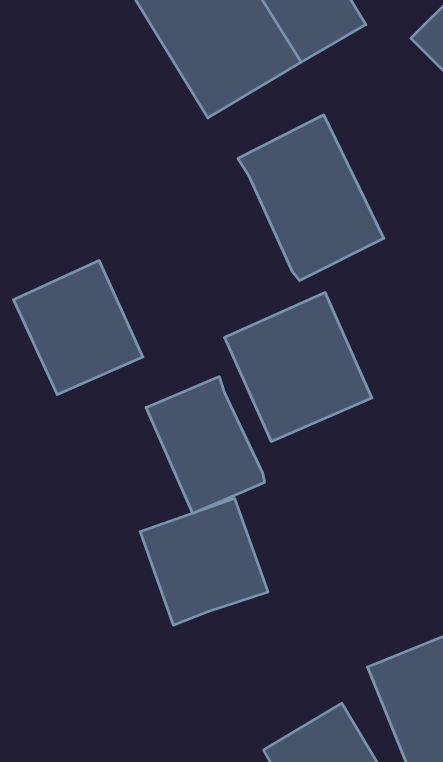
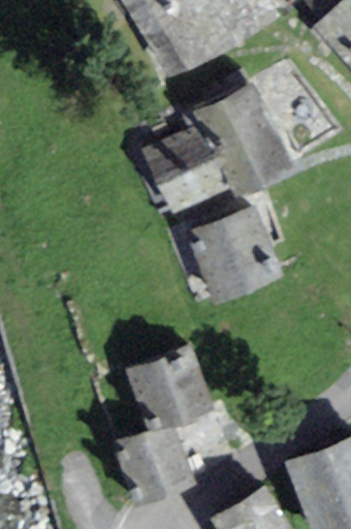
building: [13,261,143,395] -> [141,123,230,215]
building: [146,377,264,513] -> none
building: none -> [116,423,195,505]

